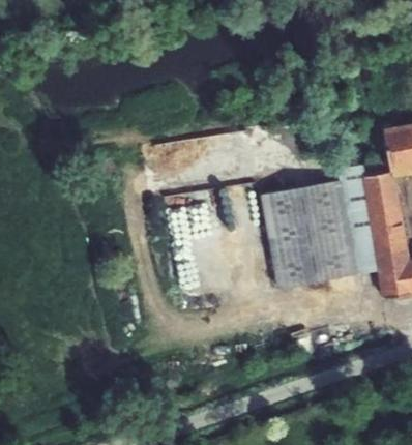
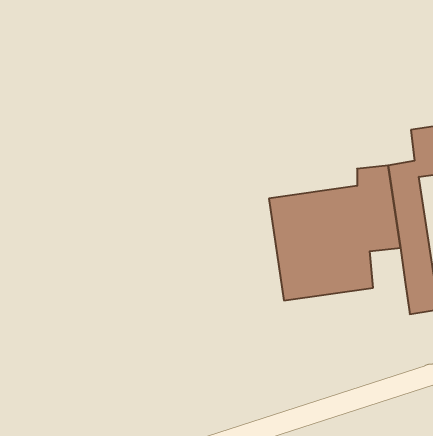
building: [352,238,384,274] -> none

